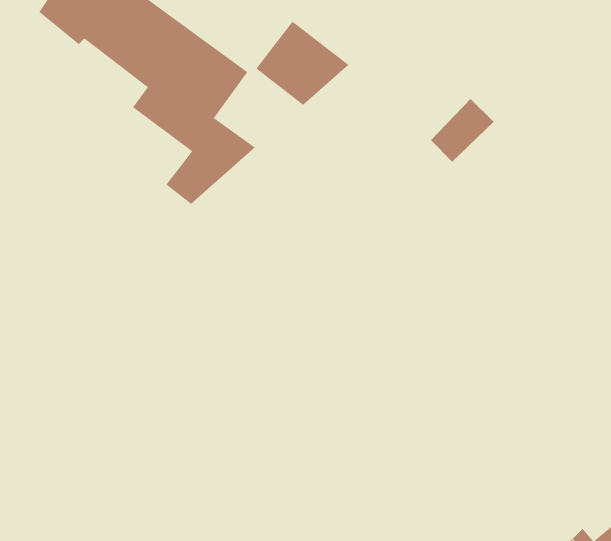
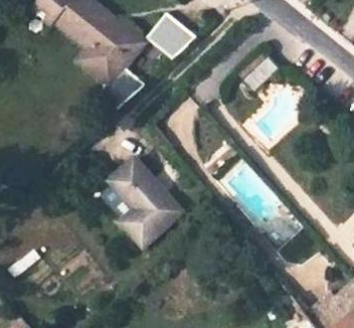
building: none -> [111,155,180,241]

